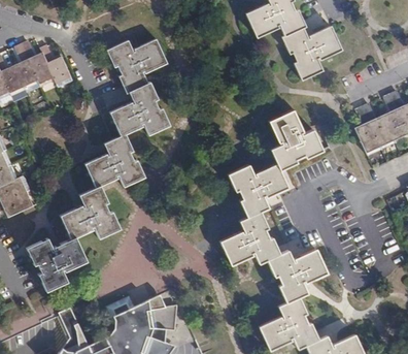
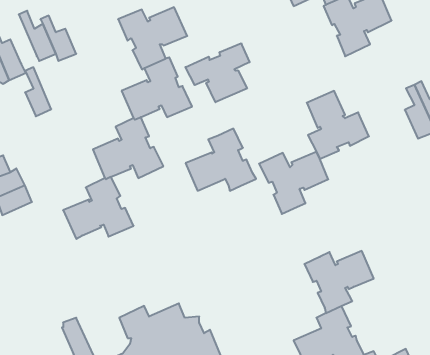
building: [14,44,37,87] -> [25,67,51,116]
building: none -> [185,43,250,102]
building: [220,211,281,264] -> [186,129,256,191]
building: [26,235,88,289] -> none

